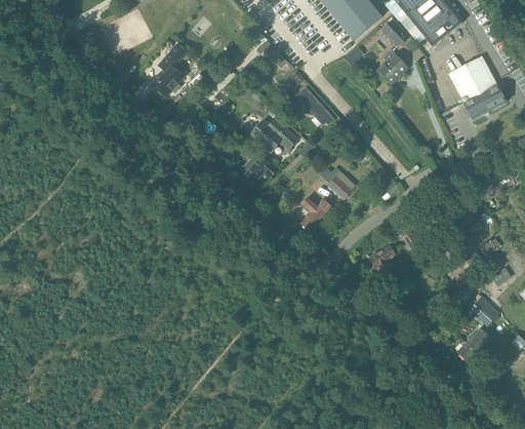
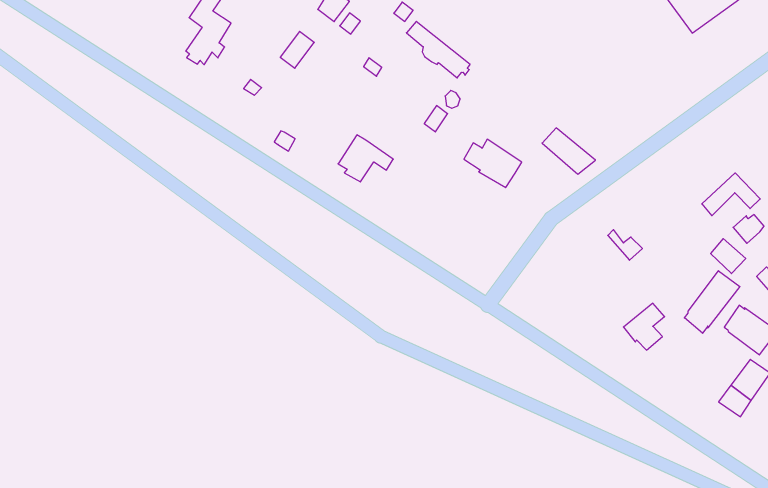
building: [250,119,294,151] -> none
building: [299,197,330,231] -> none
building: [369,245,396,274] -> [623,303,665,350]
building: none -> [684,271,740,333]

